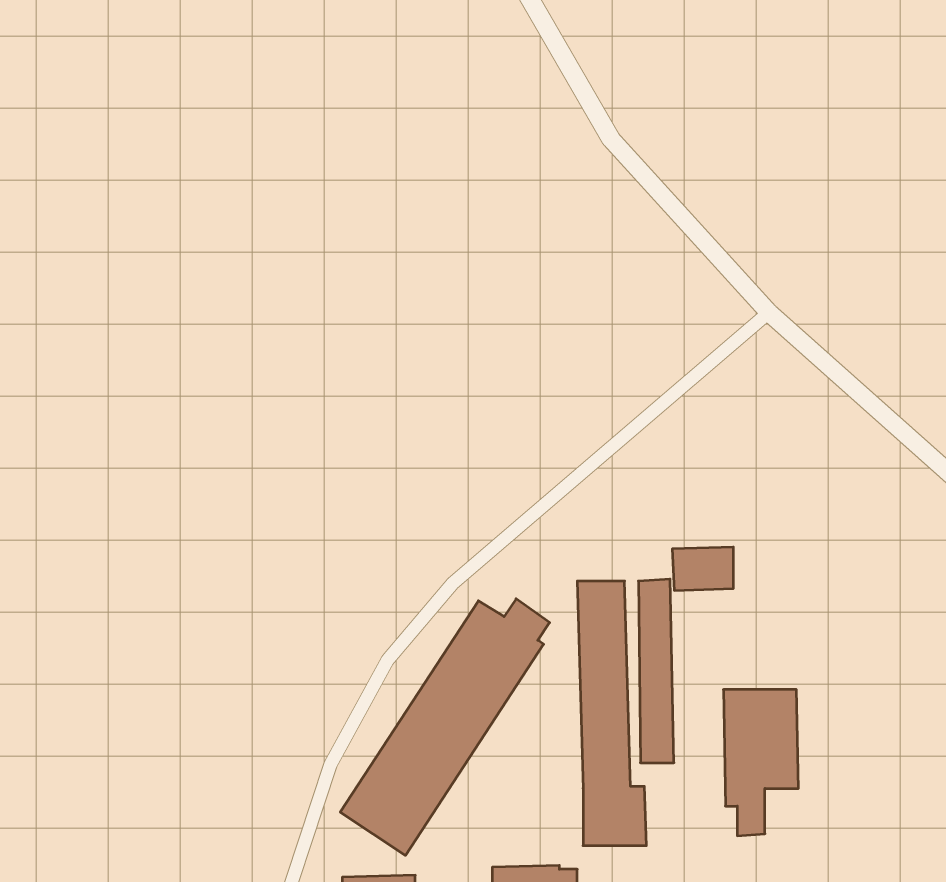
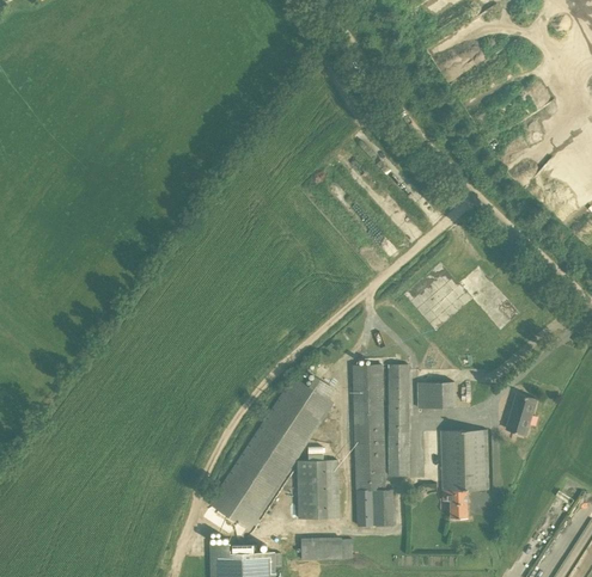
building: [672,547,733,590] -> [416,382,453,409]
building: none -> [506,393,536,436]
building: none -> [297,461,338,520]

